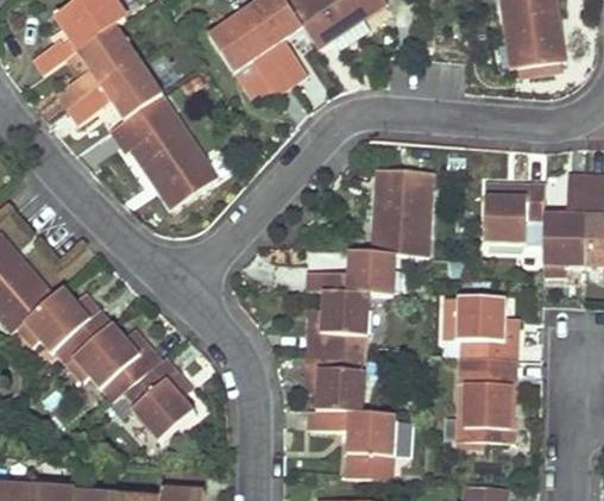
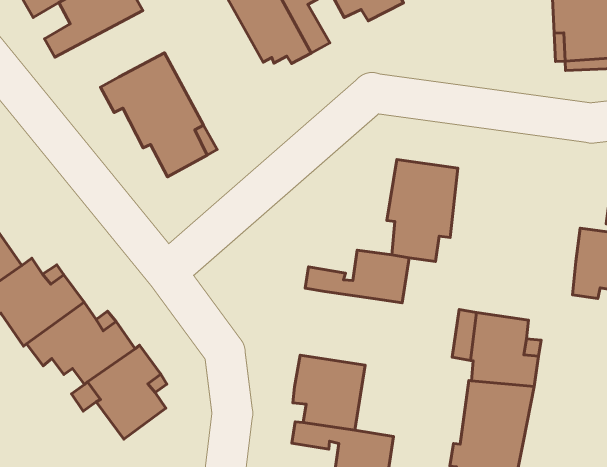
building: [65,58,162,124] -> none
building: [484,182,545,244] -> none
building: [307,292,369,353] -> none

